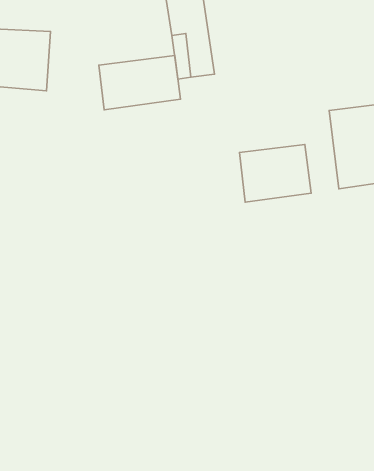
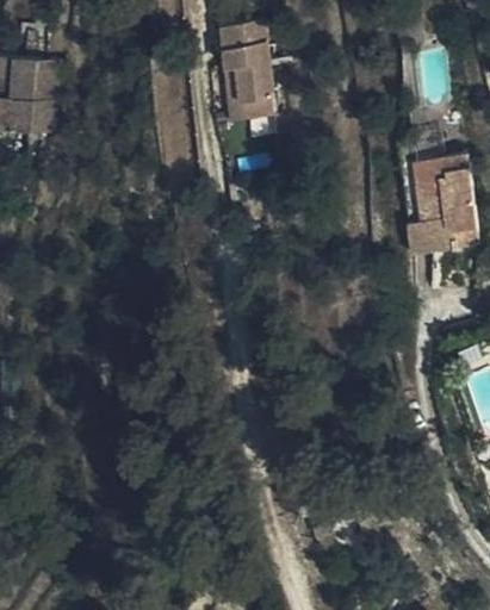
building: [99,56,181,110] -> none
building: [239,145,311,202] -> none

